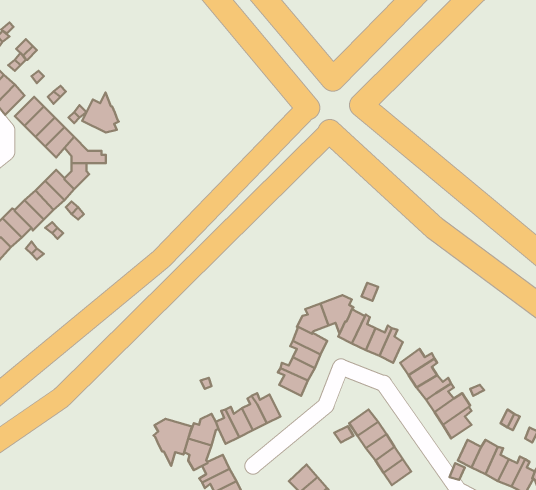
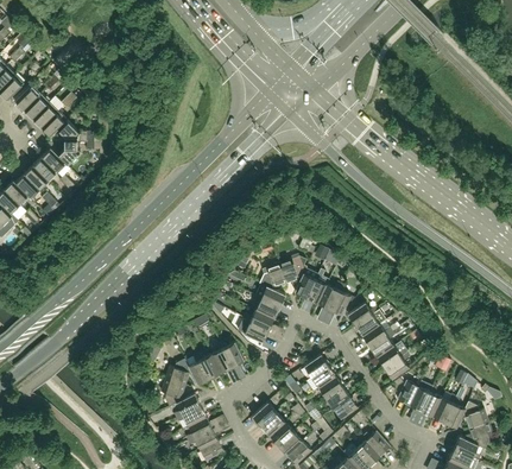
building: [82,93,119,133] -> none
building: [153,419,192,466] -> none

